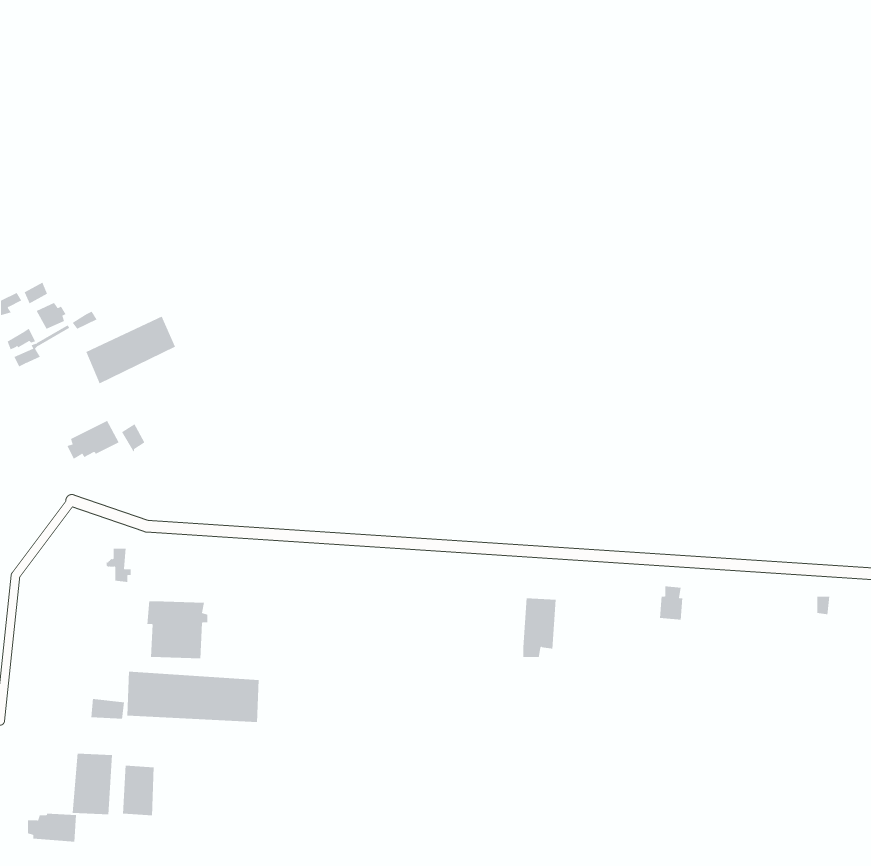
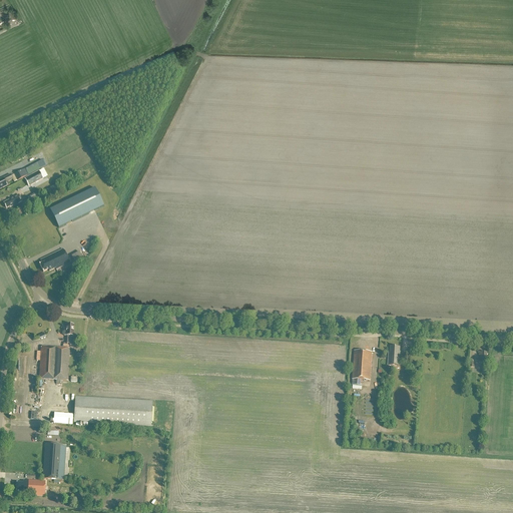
building: [522,598,557,658] -> [353,348,373,383]
building: [147,601,208,659] -> [37,344,73,378]
building: [122,765,154,816] -> none

